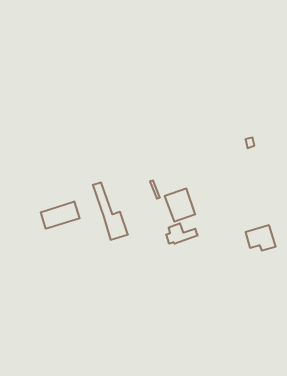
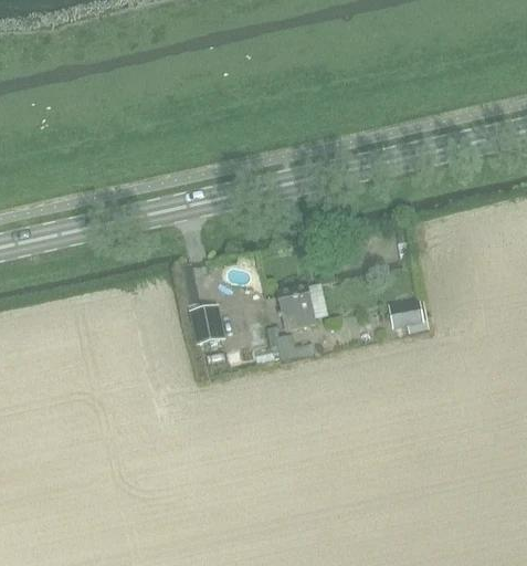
building: [41,201,80,229] -> none
building: [246,225,276,250] -> [390,300,429,333]

